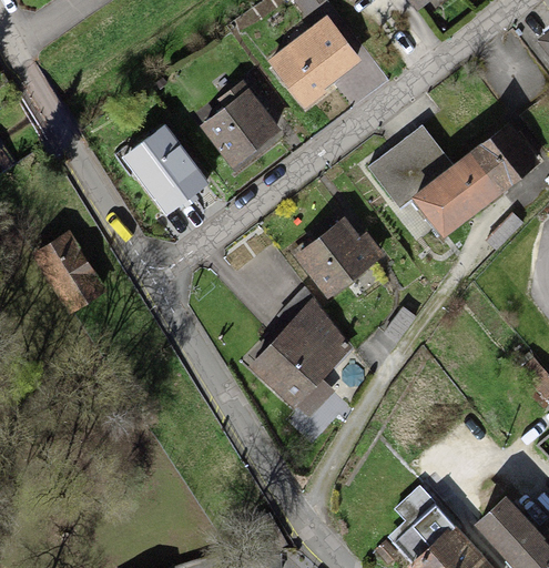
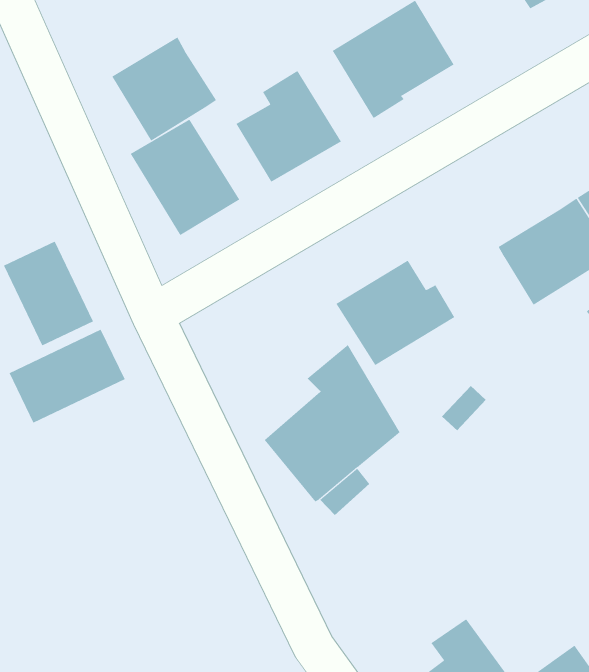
building: none -> [111,37,217,141]
building: [367,123,455,207] -> none
building: none -> [9,329,125,424]

